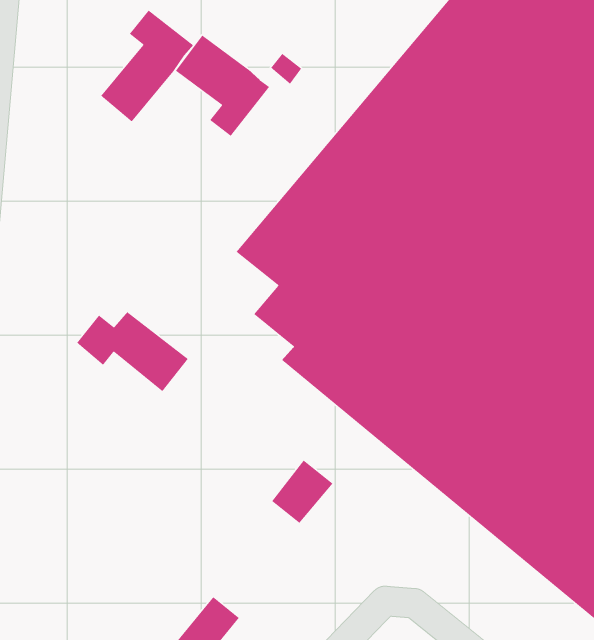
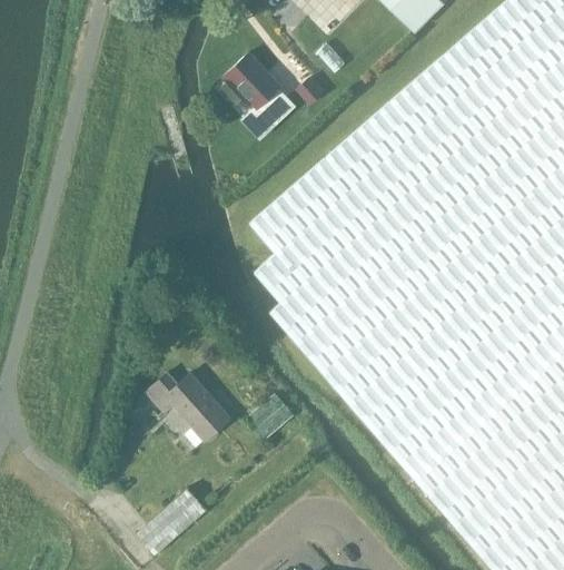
building: [100,9,194,123] -> none
building: [76,311,189,392] -> [145,372,229,440]

